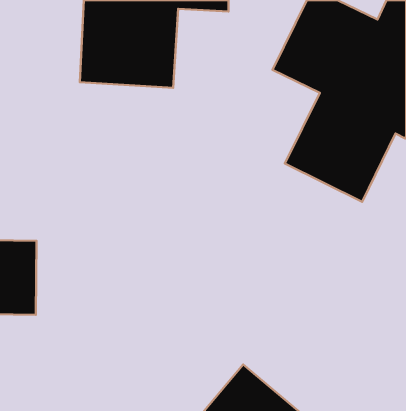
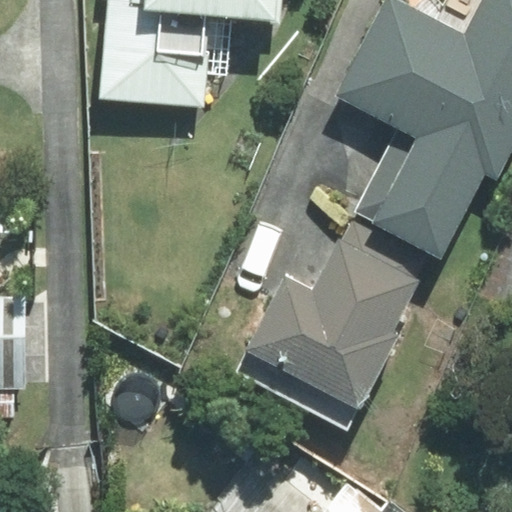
building: none -> [244,238,429,417]

